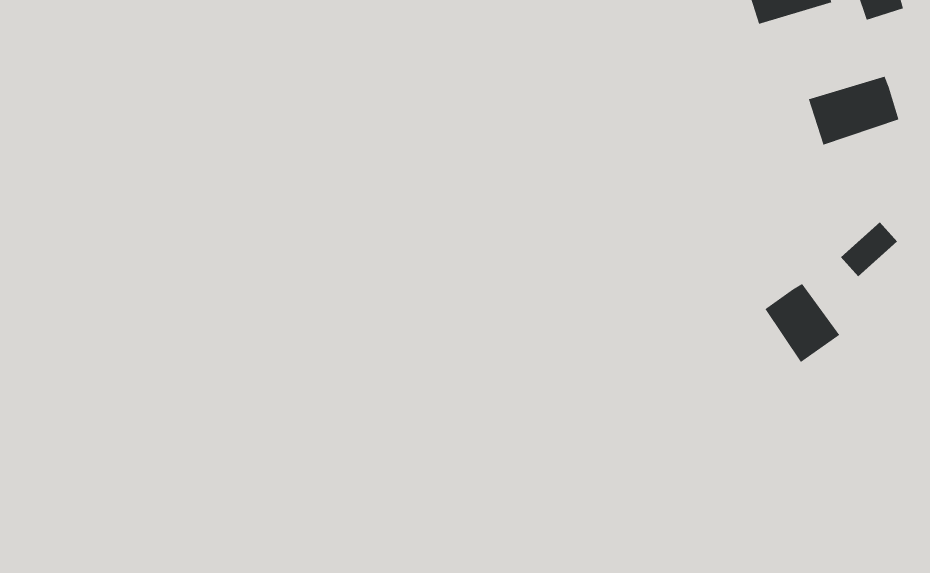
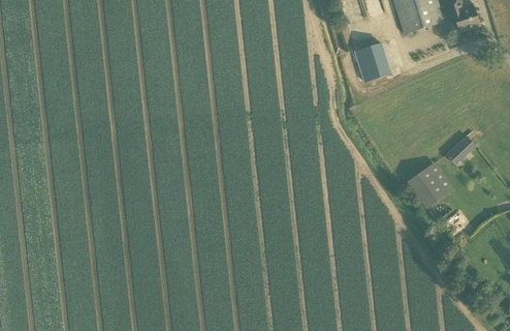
building: none -> [352,39,389,80]
building: [808,76,899,146] -> none

